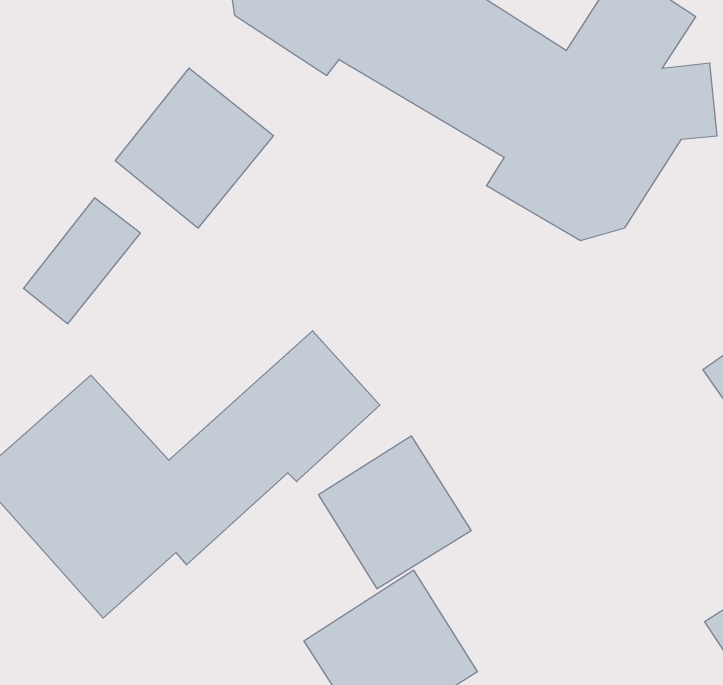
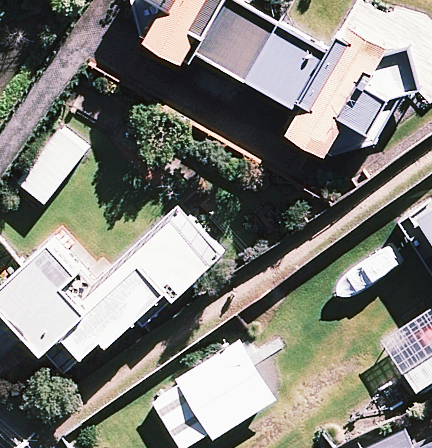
building: [115,68,273,228] -> none
building: [319,436,471,589] -> none

